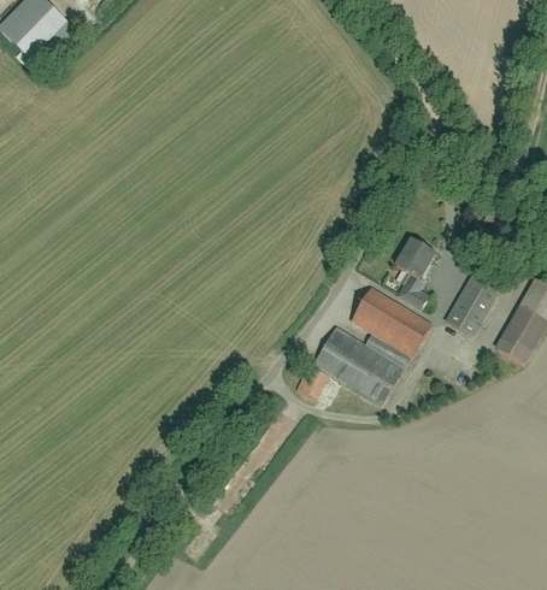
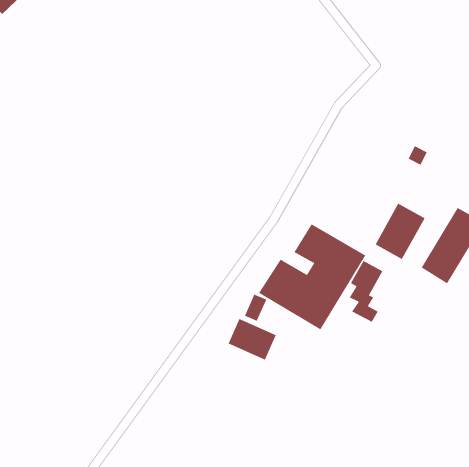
building: [398,242,435,311] -> [349,260,383,323]
building: none -> [228,318,276,360]

